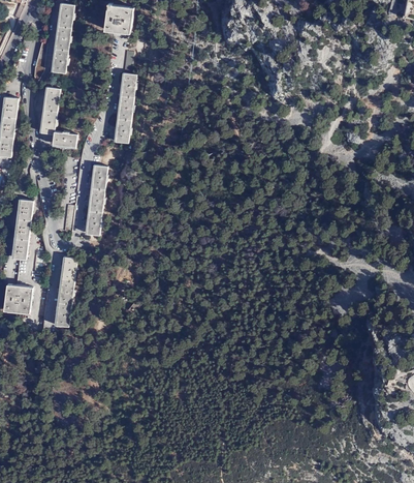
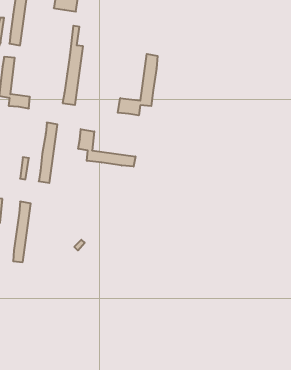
building: none -> [118,54,158,115]
building: none -> [78,129,135,167]

